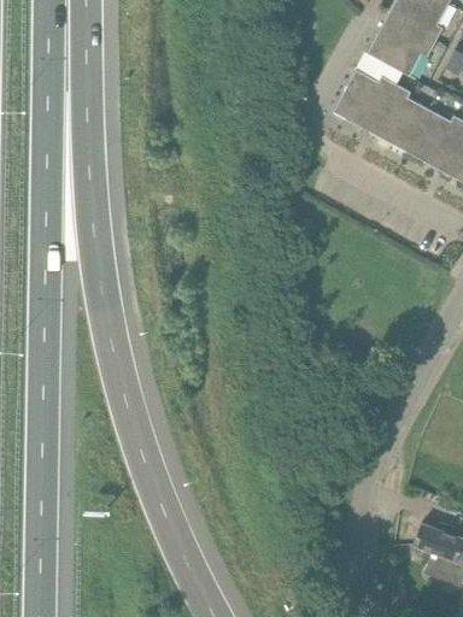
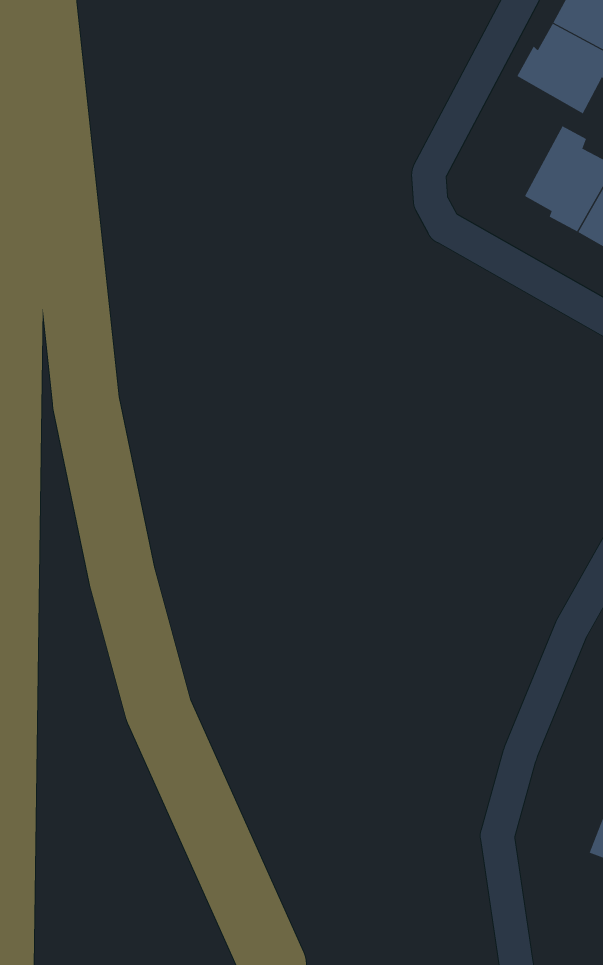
building: [334,70,397,129] -> none

